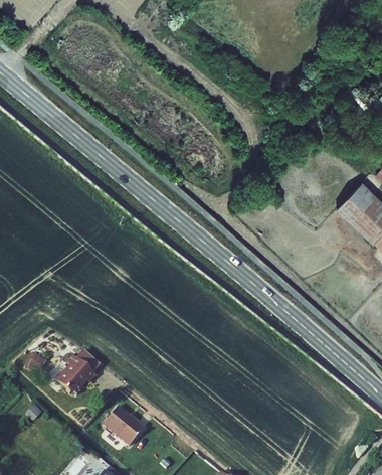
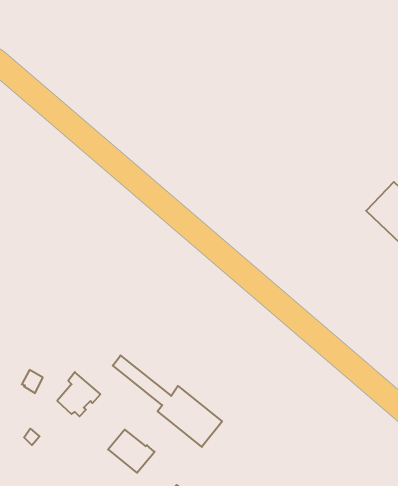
building: none -> [113,355,222,447]

